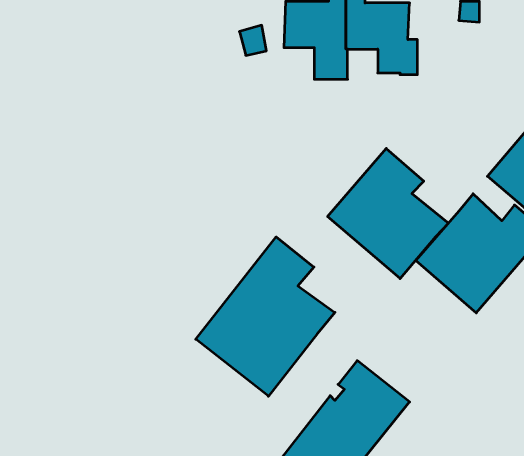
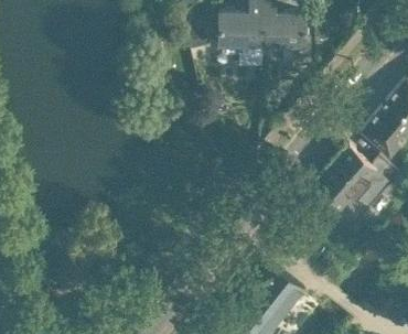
building: [328,148,448,279] -> none
building: [196,237,335,396] -> none

